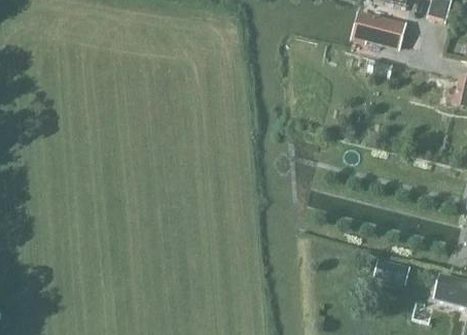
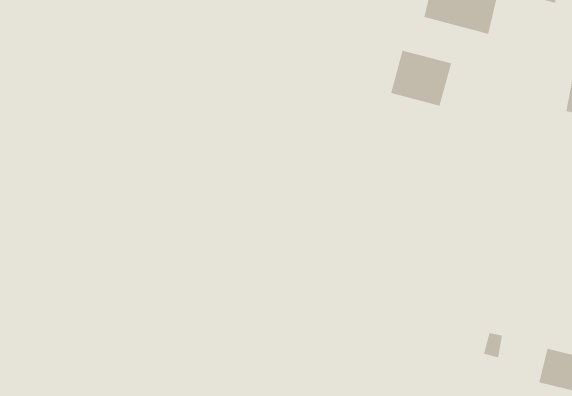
building: none -> [390,50,452,106]

